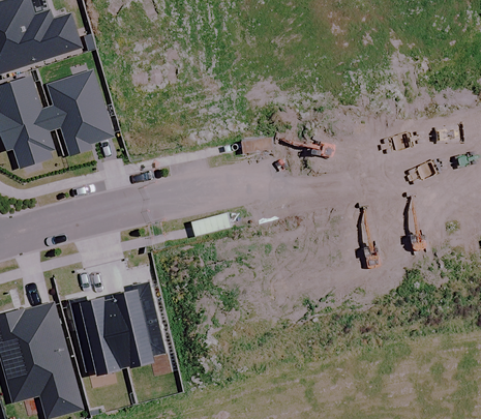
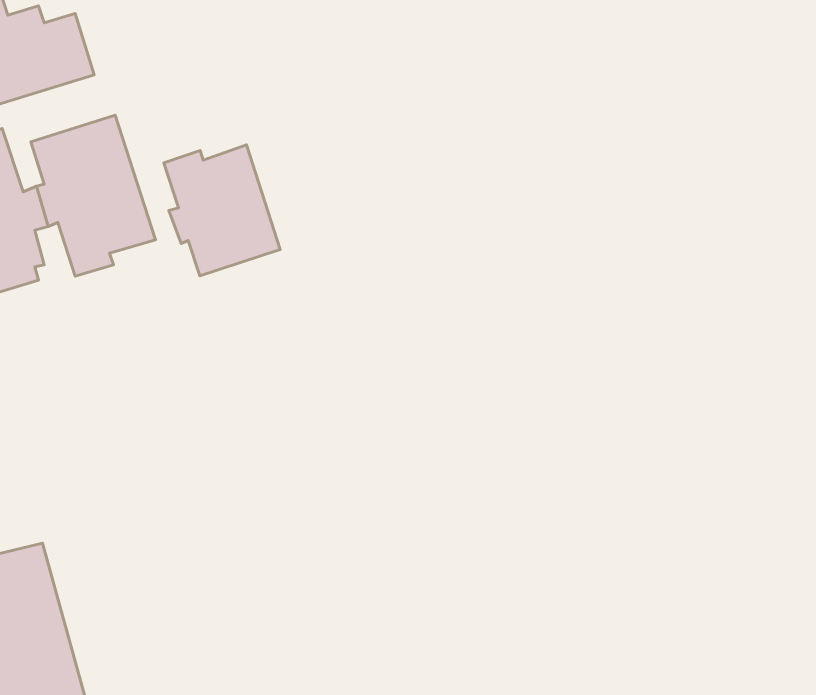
building: none -> [164,145,280,276]
building: [65,279,163,376] -> none

